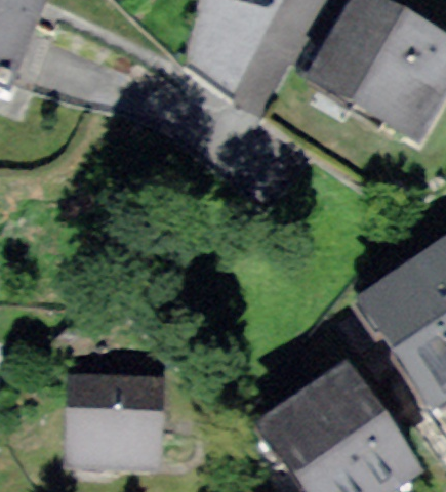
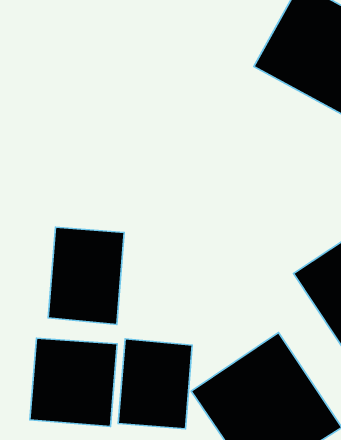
building: none -> [48,227,124,324]
building: none -> [118,339,192,429]

